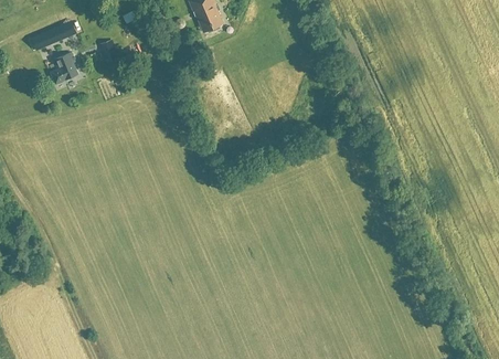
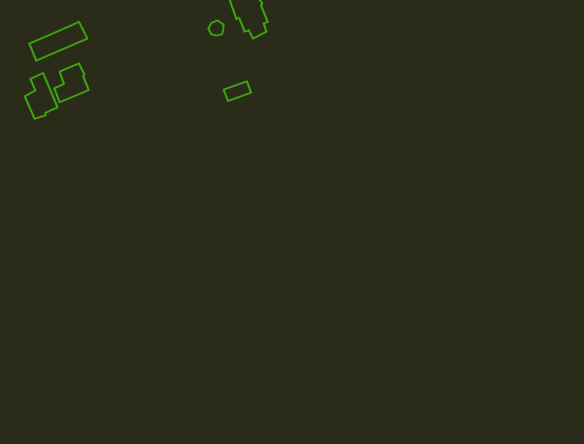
building: none -> [25,73,57,119]

